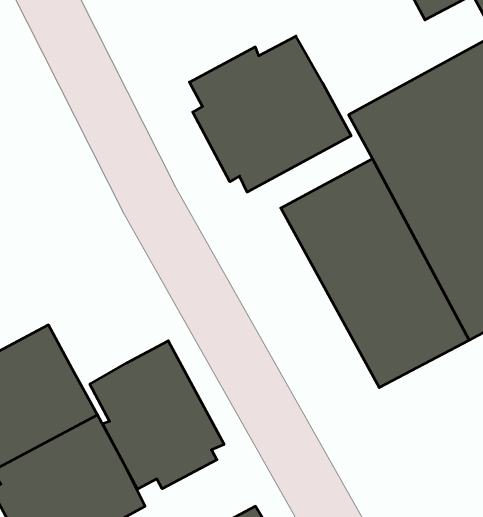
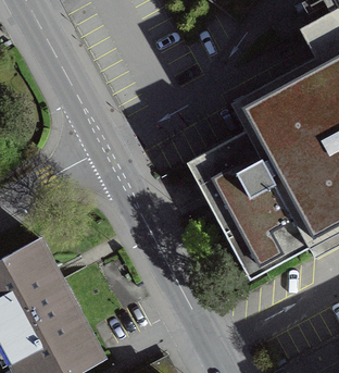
building: [189,36,351,192] -> none
building: [90,341,224,489] -> none

